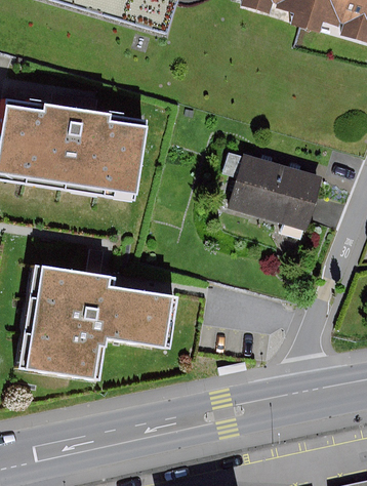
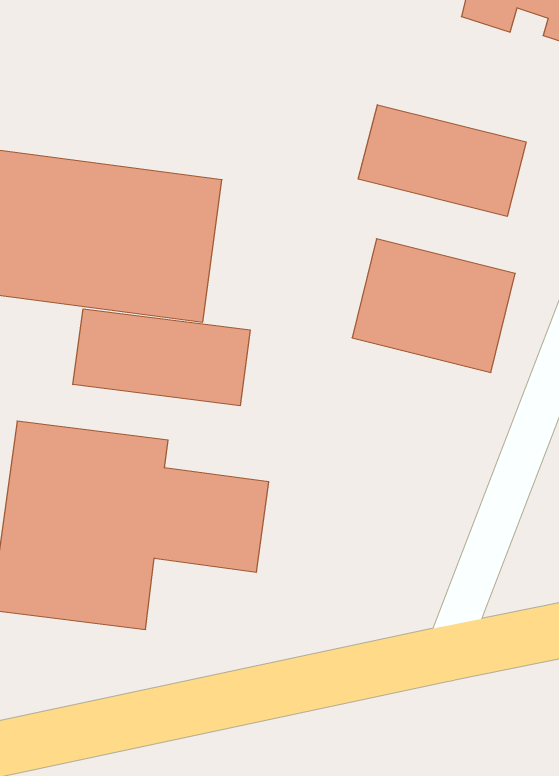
building: none -> [358,105,526,216]
building: none -> [73,309,250,406]

